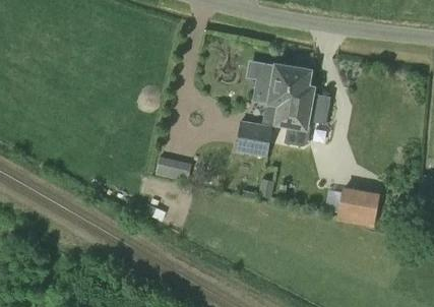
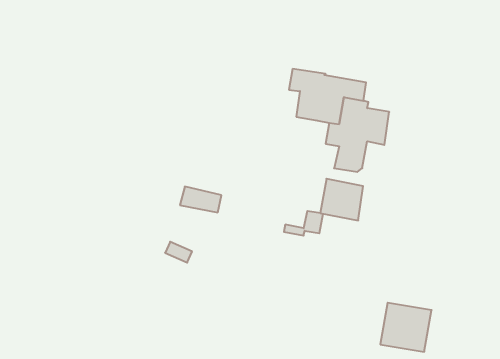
building: [236,122,271,157] -> [320,179,363,220]
building: [336,187,379,228] -> [380,303,432,352]

